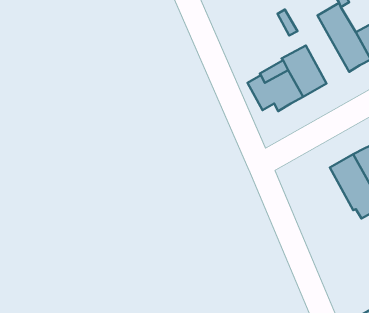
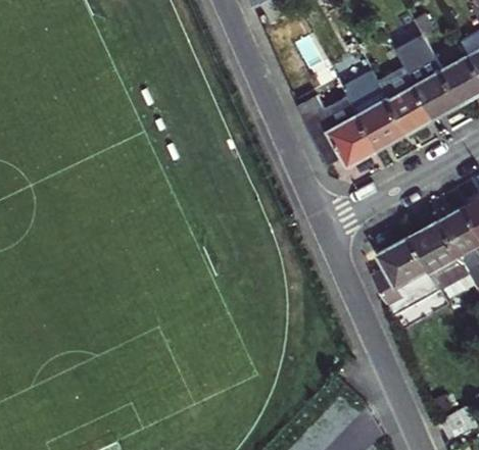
building: none -> [381,66,435,132]
building: none -> [373,235,441,314]

